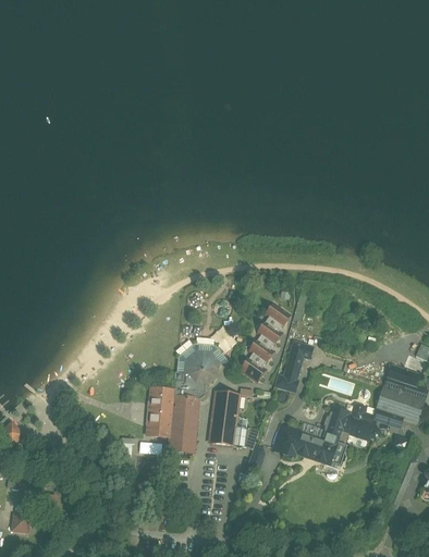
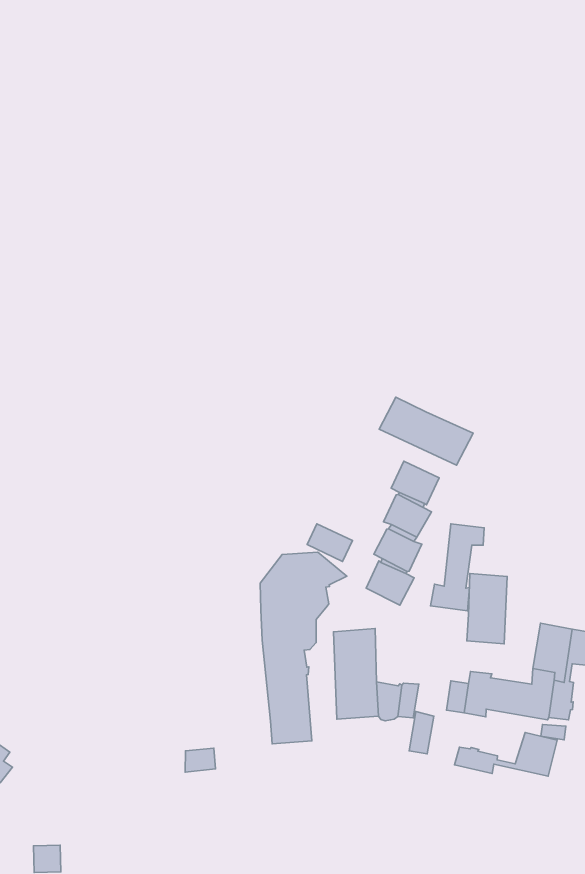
building: none -> [379,397,473,465]
building: none -> [467,574,507,644]
building: [146,387,174,436] -> none
building: none -> [454,732,557,776]

